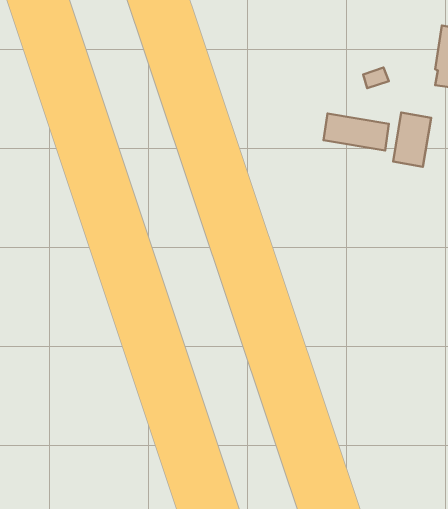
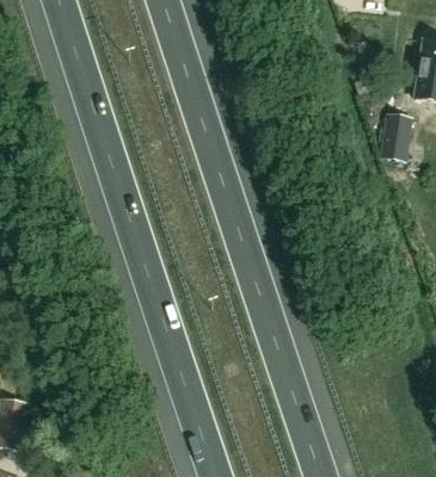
building: [323,113,389,151] -> none

